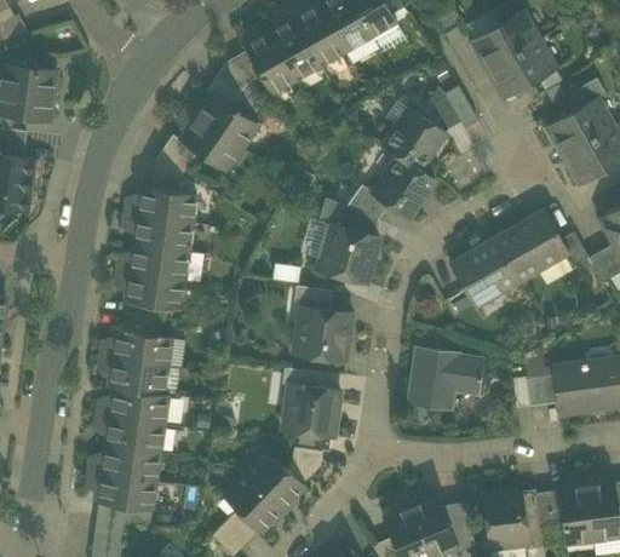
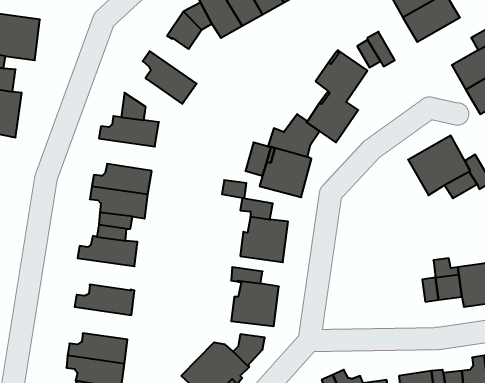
building: [186,94,258,149] -> none
building: [156,136,197,177] -> none
building: [124,214,193,253] -> none
building: [449,240,518,308] -> none
building: [411,350,483,410] -> none
building: [98,357,168,396] -> none
building: [96,415,165,454] -> none

